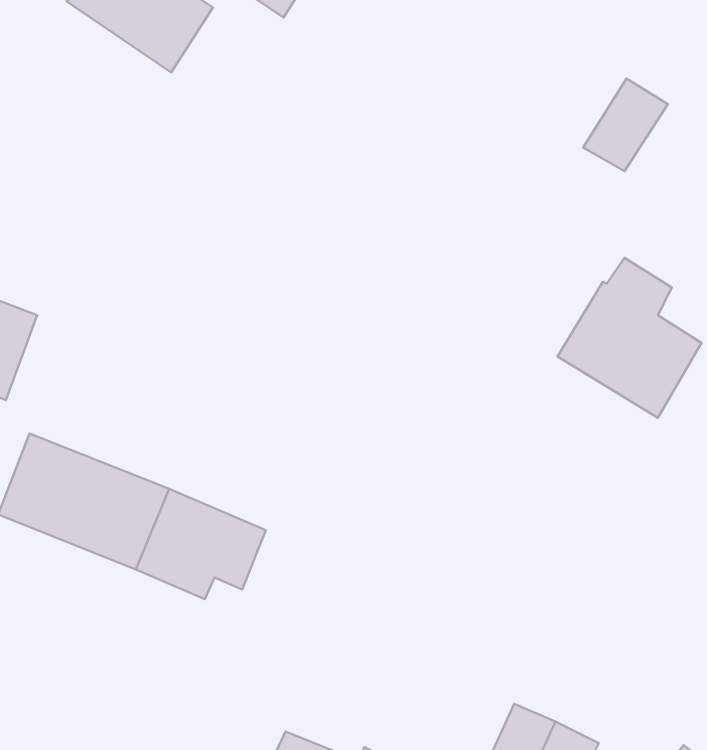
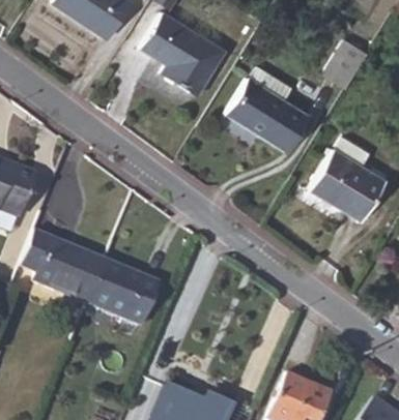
building: none -> [141,16,224,96]
building: none -> [225,65,308,152]

